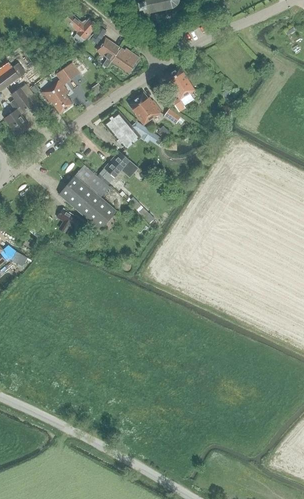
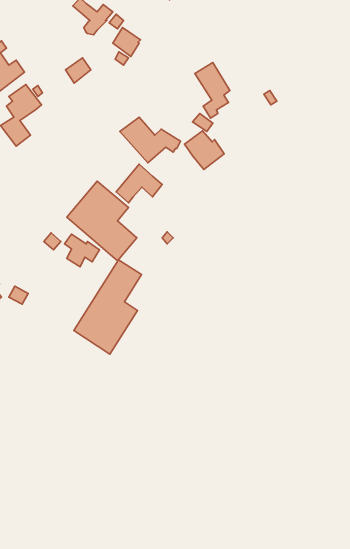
building: [112,47,139,72] -> none
building: [41,80,73,113] -> none
building: [128,92,161,124] -> [184,131,224,170]
building: none -> [74,260,141,354]

